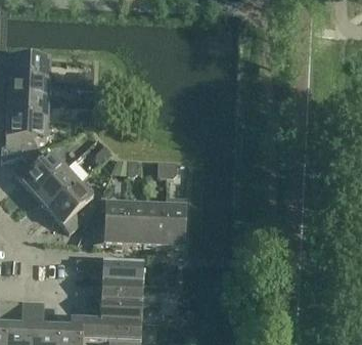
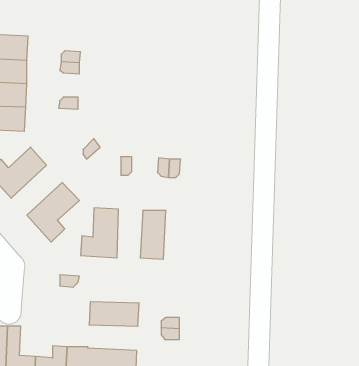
building: [36,165,79,207] -> none
building: [125,202,146,243] -> none
building: [164,203,186,245] -> none
building: [102,259,143,281] -> none
building: [100,299,142,320] -> none

